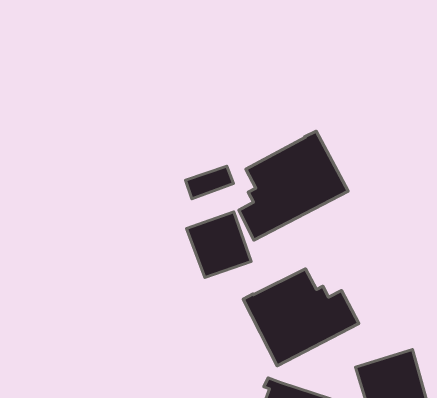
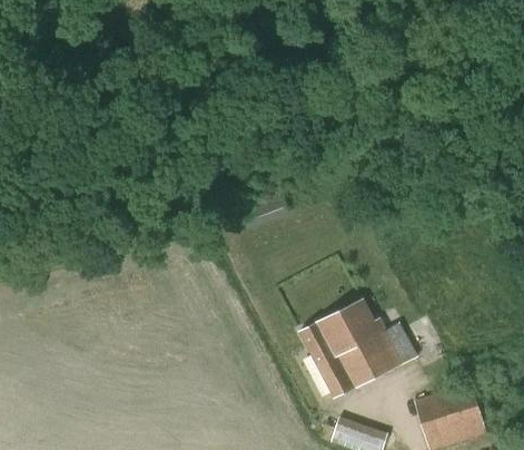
building: [239,131,348,240] -> none
building: [186,212,251,278] -> none

